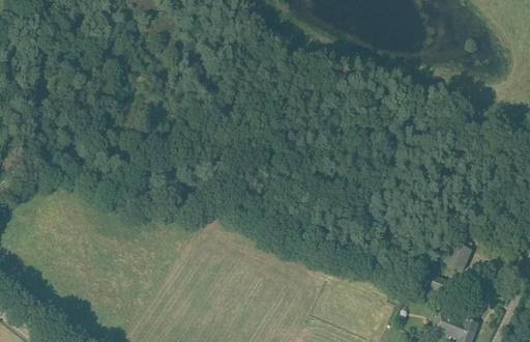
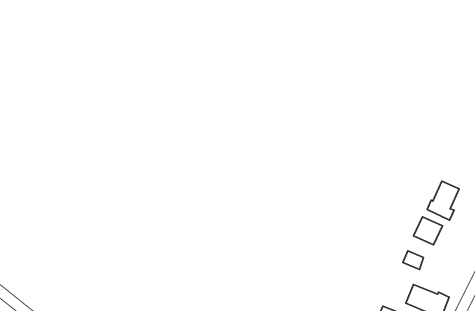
building: none -> [427,181,459,220]

